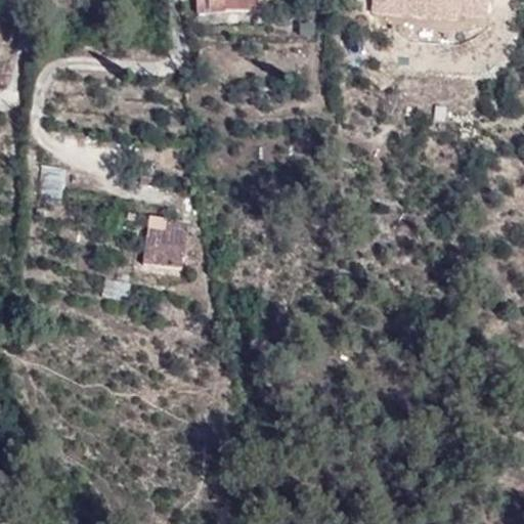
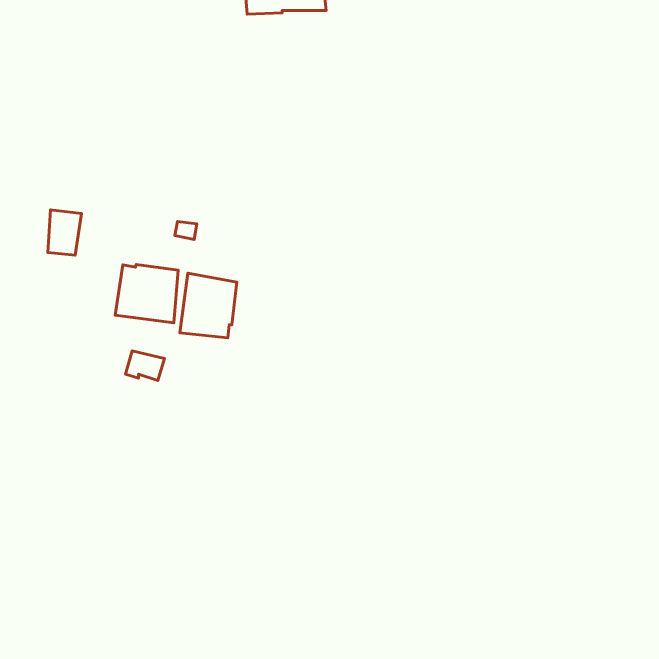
building: none -> [115,264,178,323]

